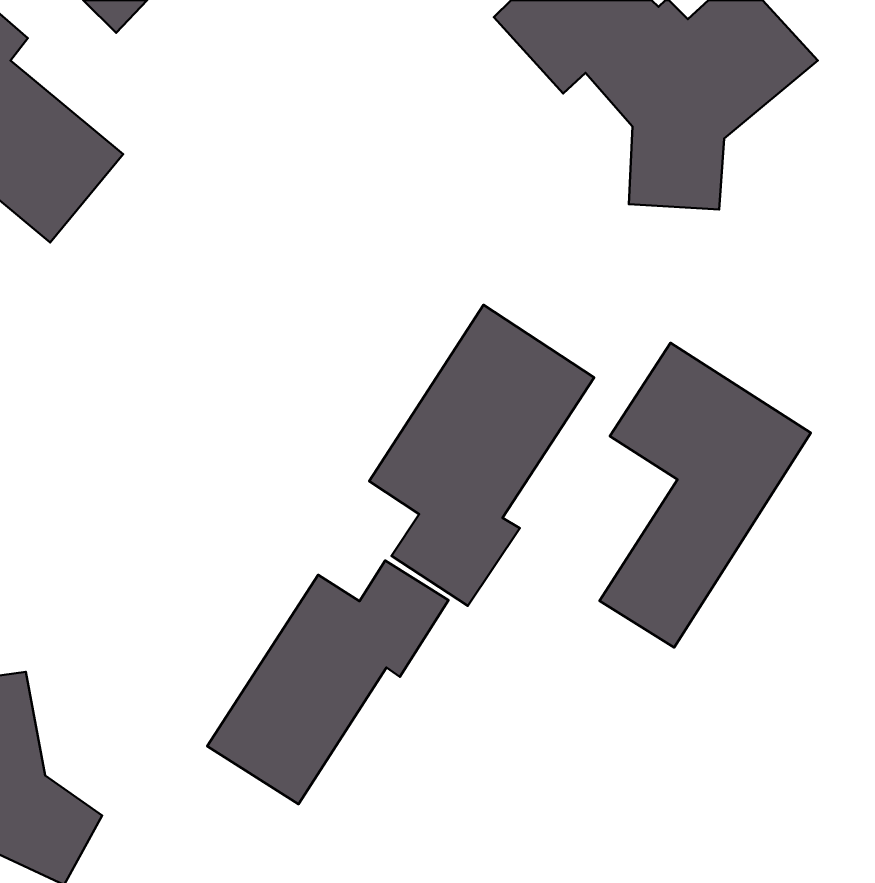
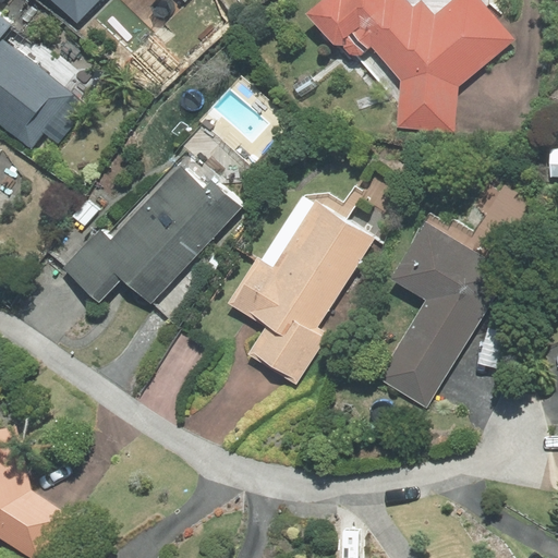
building: none -> [61,131,246,302]
building: [207,560,448,804] -> none

